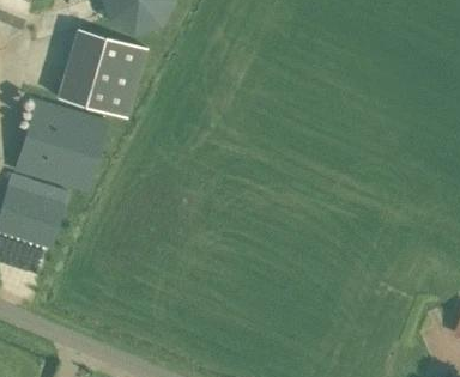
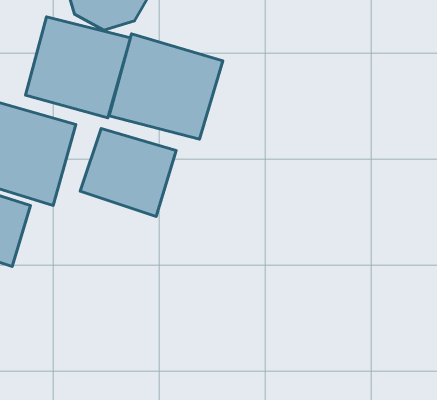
building: none -> [109,34,223,139]
building: none -> [80,128,176,216]

